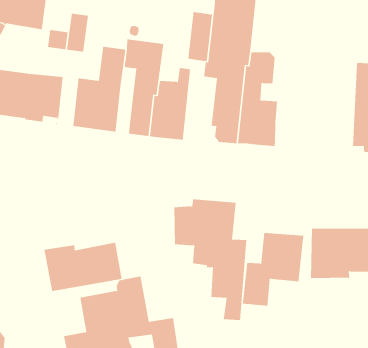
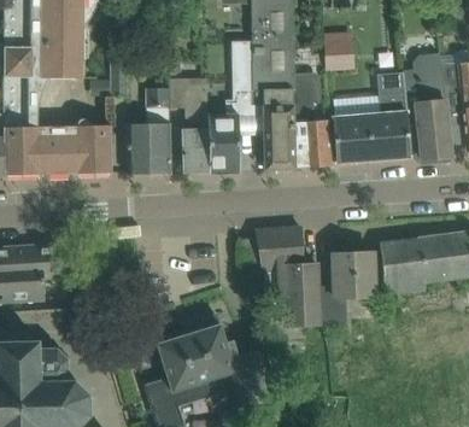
building: none -> [323,31,354,71]
building: none -> [334,72,410,163]
building: [44,242,122,292] -> none

